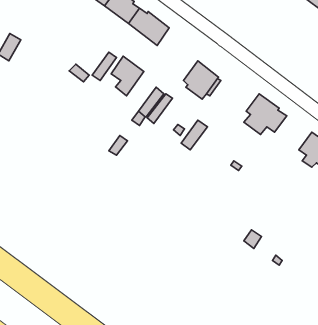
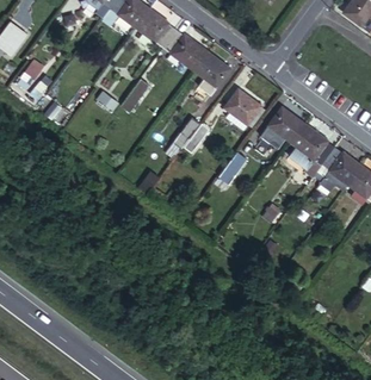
building: [111,56,144,96] -> [194,52,230,95]
building: none -> [261,107,305,149]
building: none -> [320,148,363,189]

